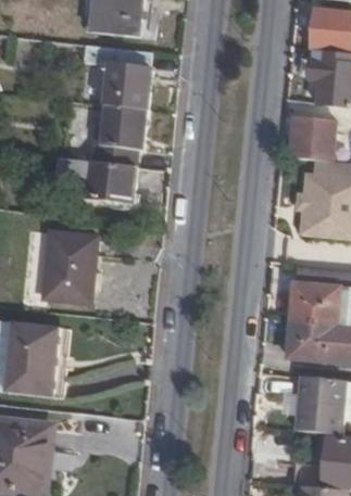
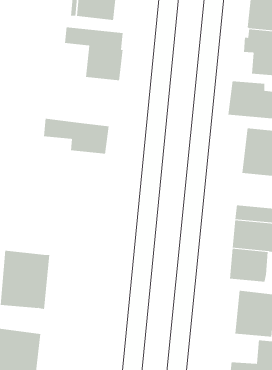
building: [103,110,151,170] -> none
building: [47,238,97,304] -> none

